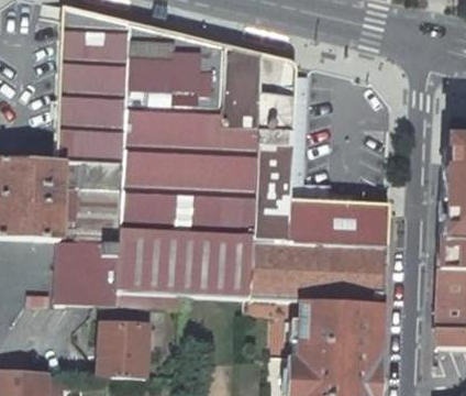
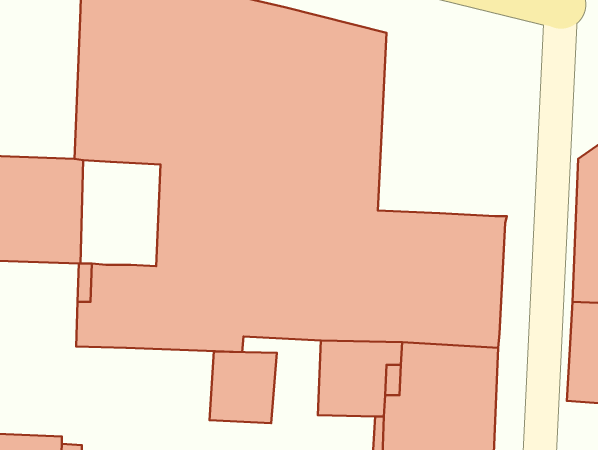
building: [82,161,124,241] -> none
building: [100,322,152,377] -> [210,351,277,423]

